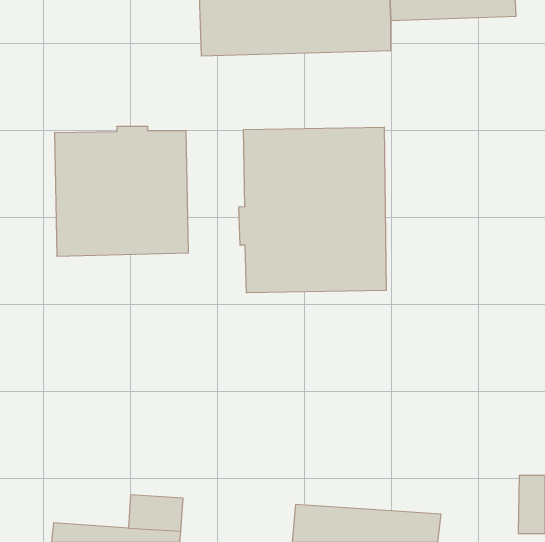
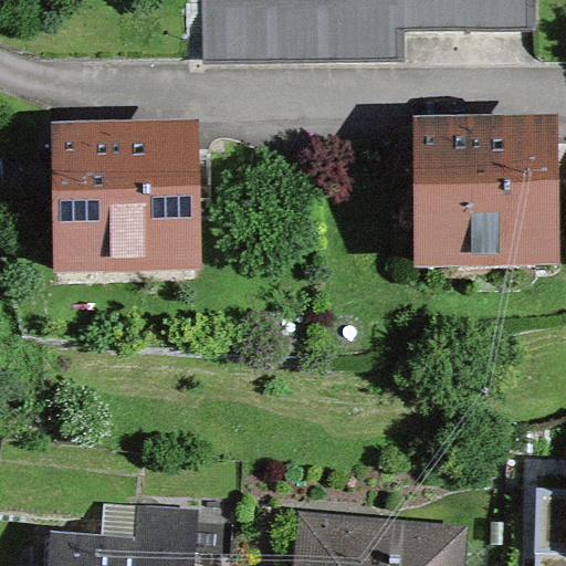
building: none -> [416,124,556,258]
building: [239,127,386,293] -> none

